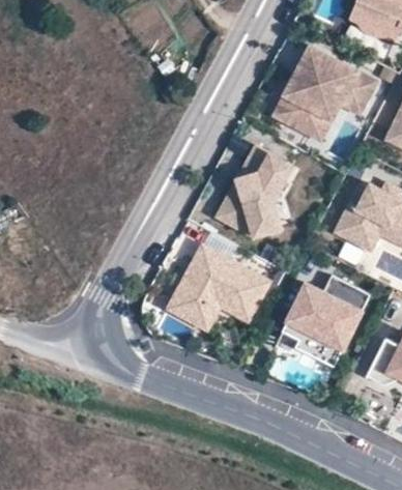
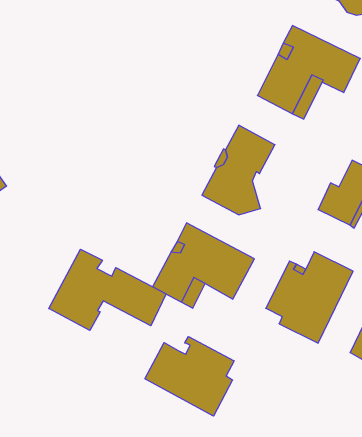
building: none -> [49,249,166,330]
building: none -> [145,337,234,416]

